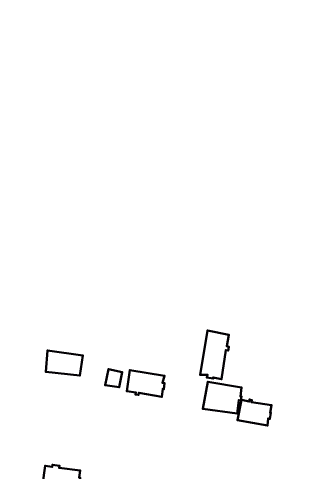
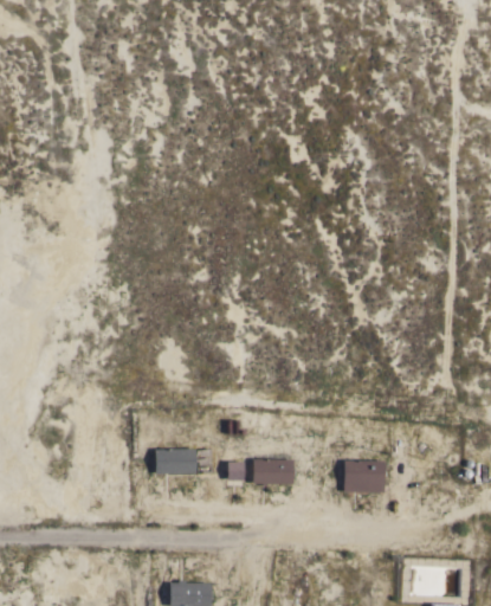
building: [200,331,229,379] -> none
building: [237,400,272,425] -> none

